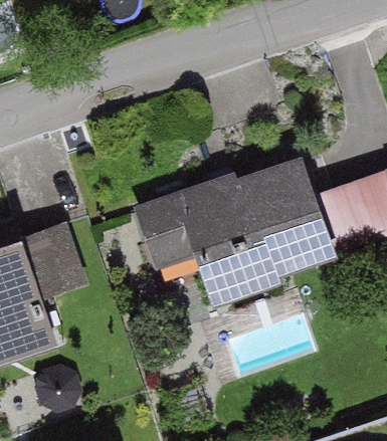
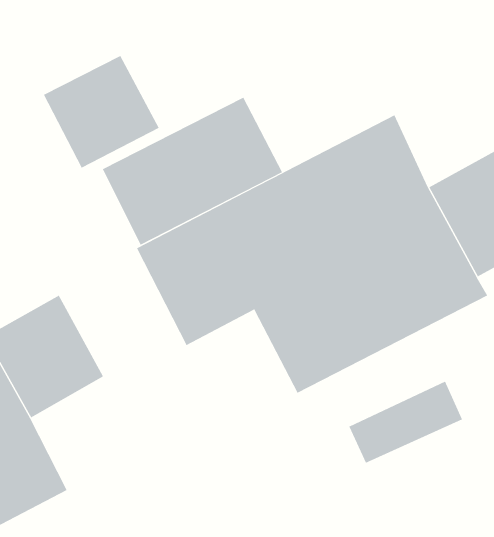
building: none -> [43,55,160,169]
building: none -> [102,97,283,246]

